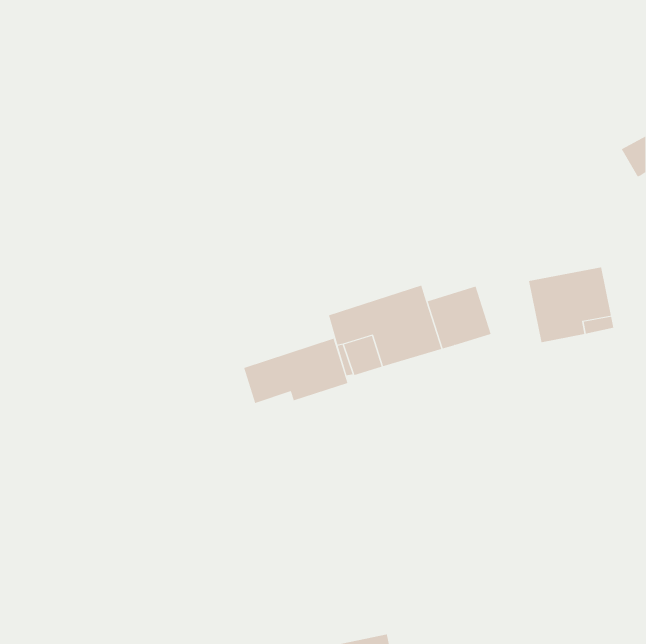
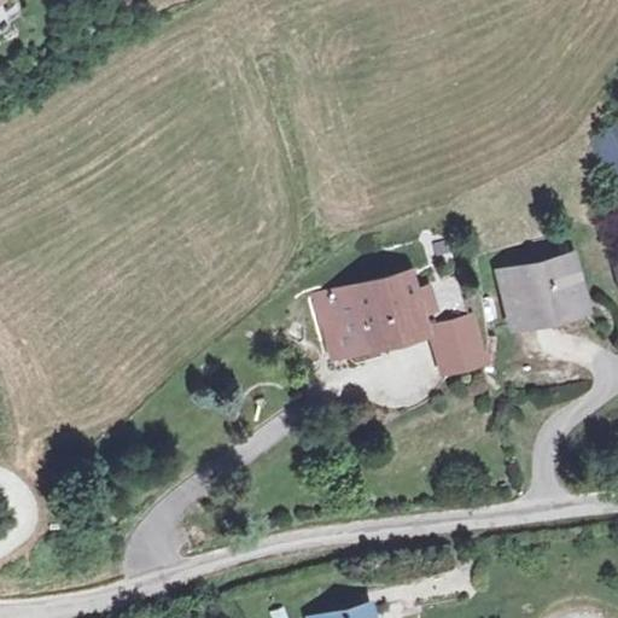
building: none -> [433,321,482,373]
building: [243,338,348,404] -> none

